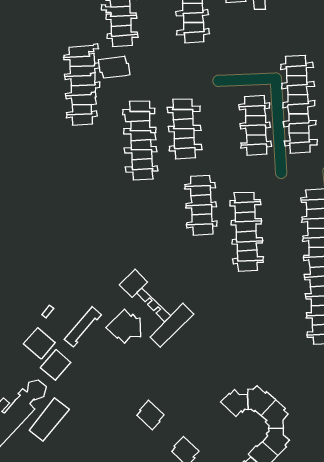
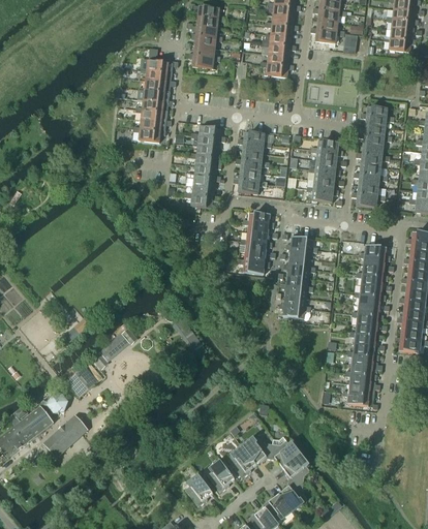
building: [98,56,130,78] -> none
building: [120,269,148,297] -> none
building: [150,303,194,347] -> none
building: [106,309,140,343] -> none
building: [23,328,55,359] -> none
building: [137,400,164,430] -> [207,461,235,492]
building: none -> [225,446,256,477]

